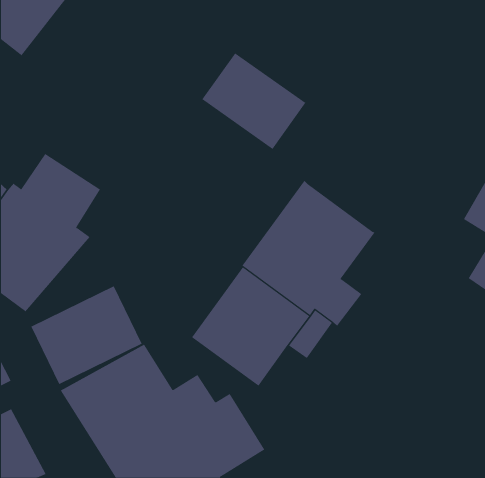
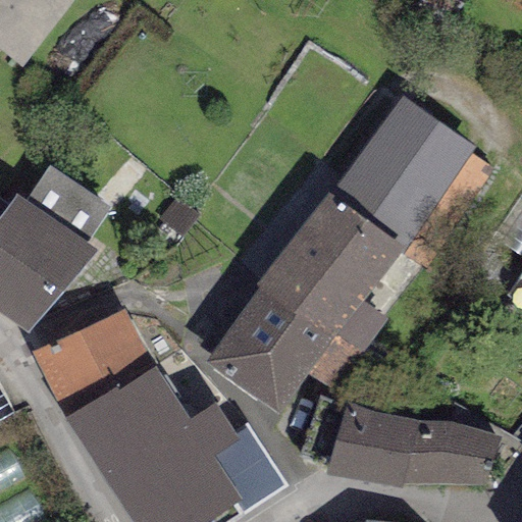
building: [202,52,306,150] -> none
building: none -> [331,95,474,248]
building: none -> [326,404,502,489]

